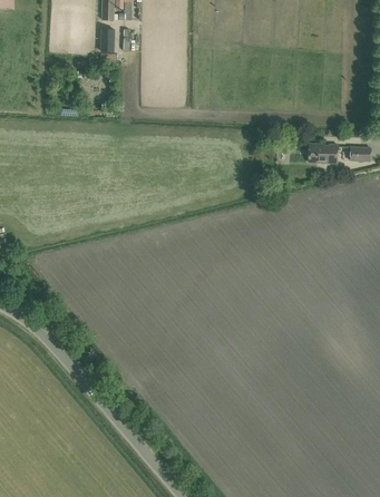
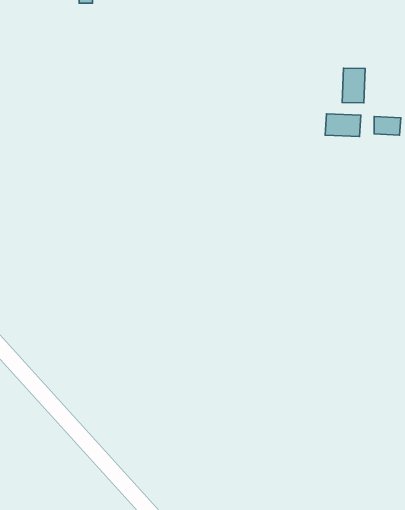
building: none -> [342,68,365,103]

